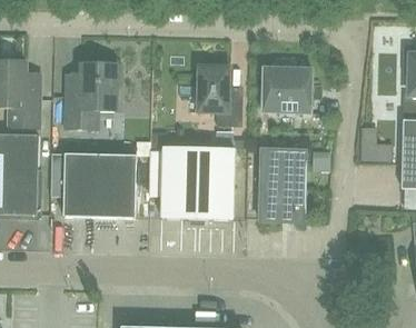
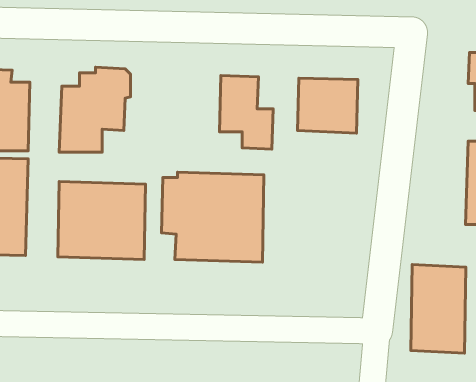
building: [259,148,305,221] -> [411,264,466,353]

